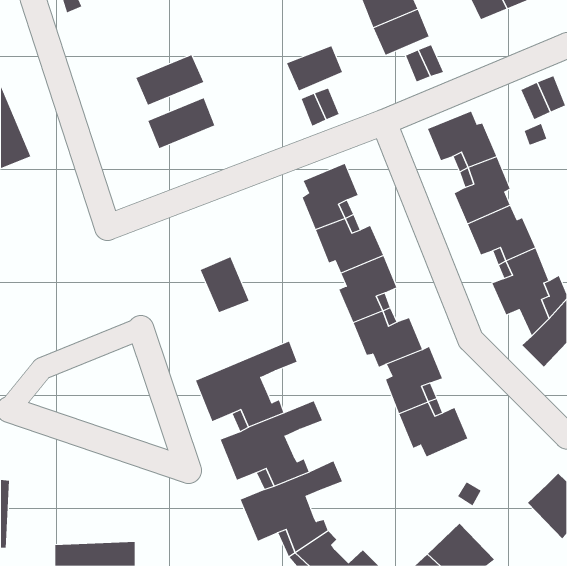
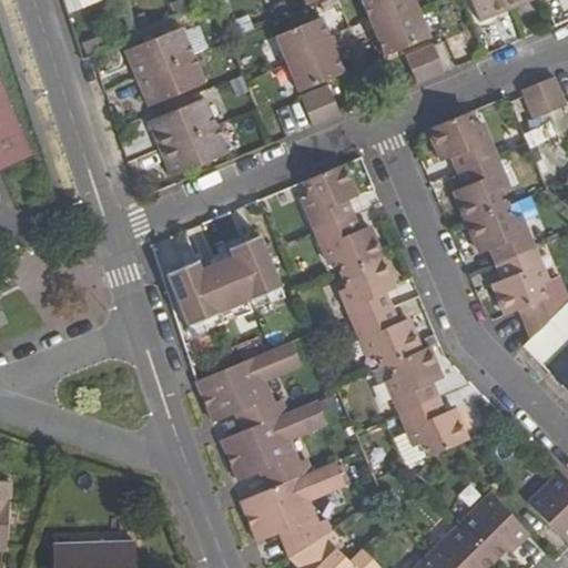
building: none -> [275,18,332,63]
building: none -> [124,27,192,78]
building: none -> [159,125,226,176]
building: none -> [231,237,281,301]
building: none -> [166,267,219,326]
building: none -> [459,493,526,559]

